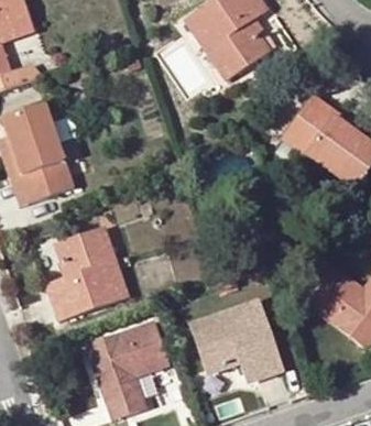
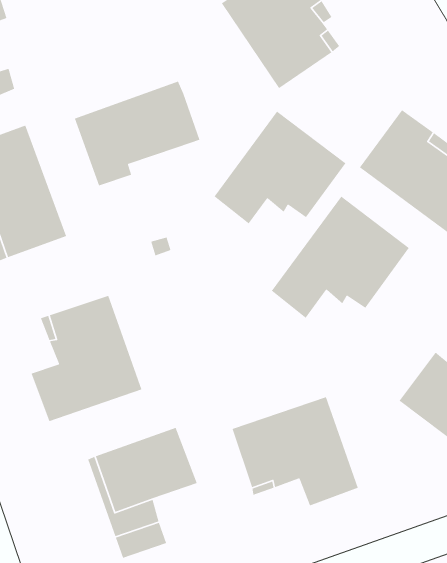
building: none -> [74,81,201,187]
building: none -> [213,110,346,225]
building: none -> [271,196,410,319]

